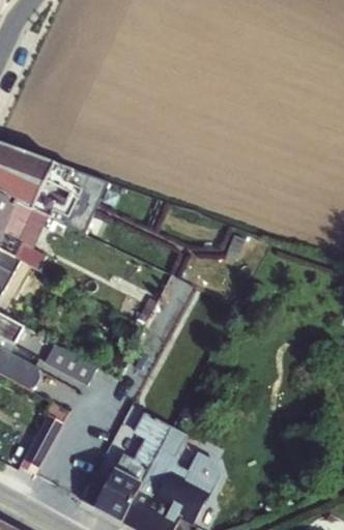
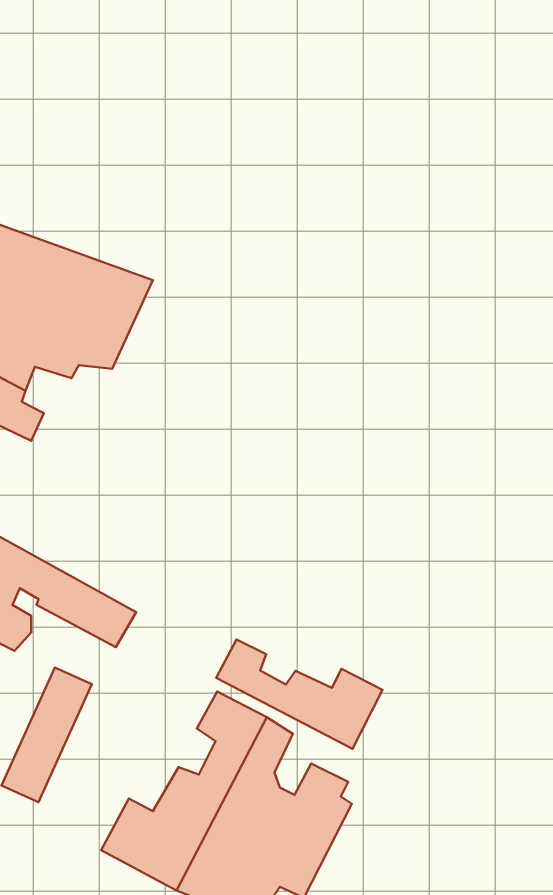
building: none -> [216,640,382,749]

